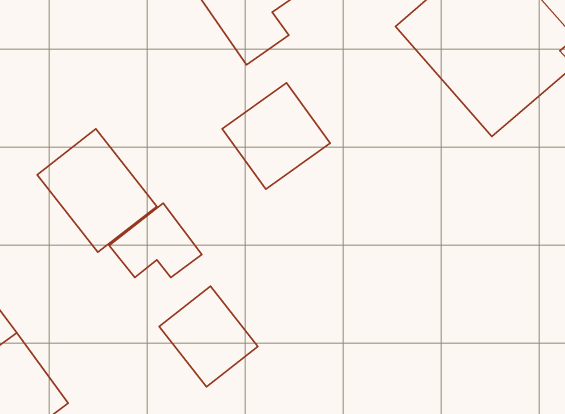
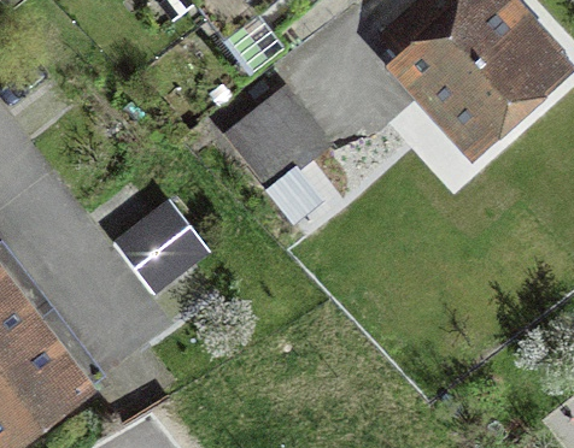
building: [37,129,157,252] -> none
building: [159,286,258,387] -> none

